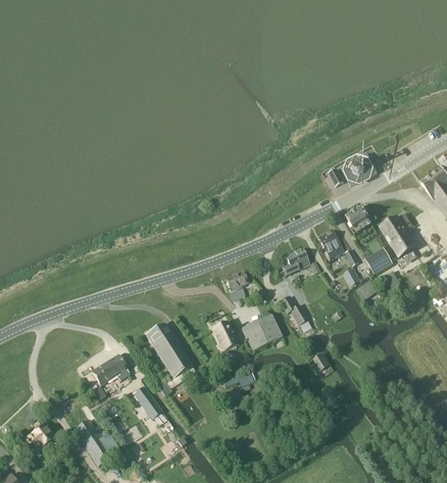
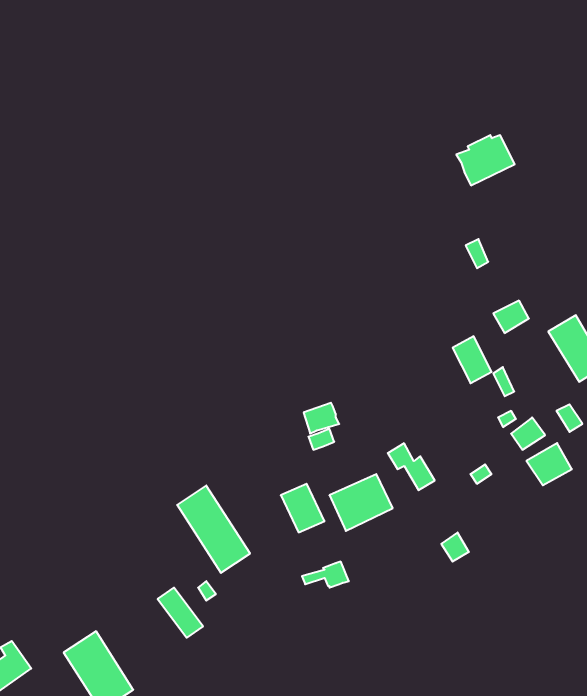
building: [340,154,377,186] -> [456,135,515,185]
building: [364,247,393,274] -> [526,443,572,485]
building: [282,248,309,275] -> none
building: [93,355,130,385] -> none

